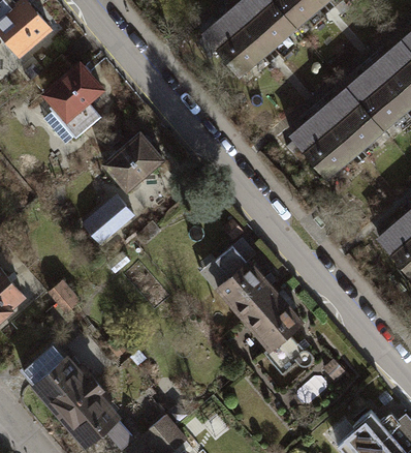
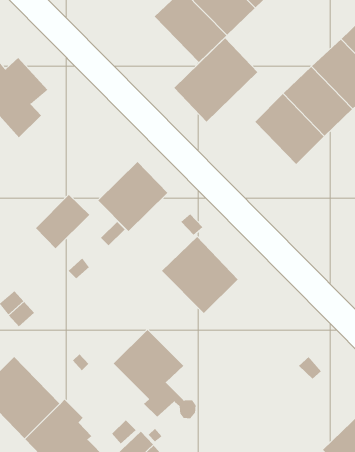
building: none -> [173,38,258,122]
building: [97,131,163,197] -> [98,161,168,232]
building: [235,281,311,367] -> [113,329,197,419]

